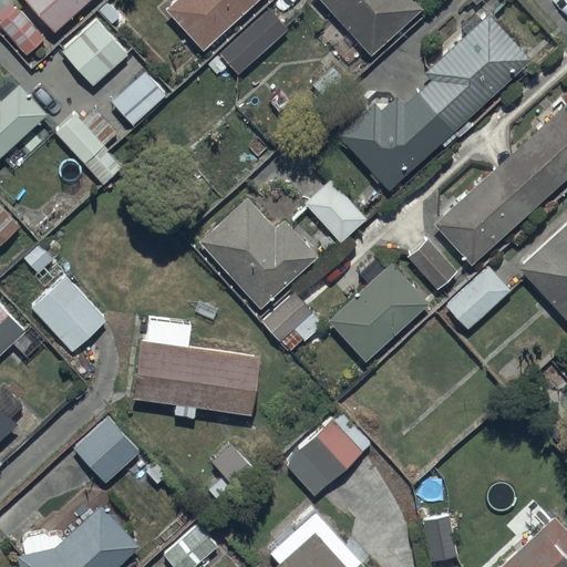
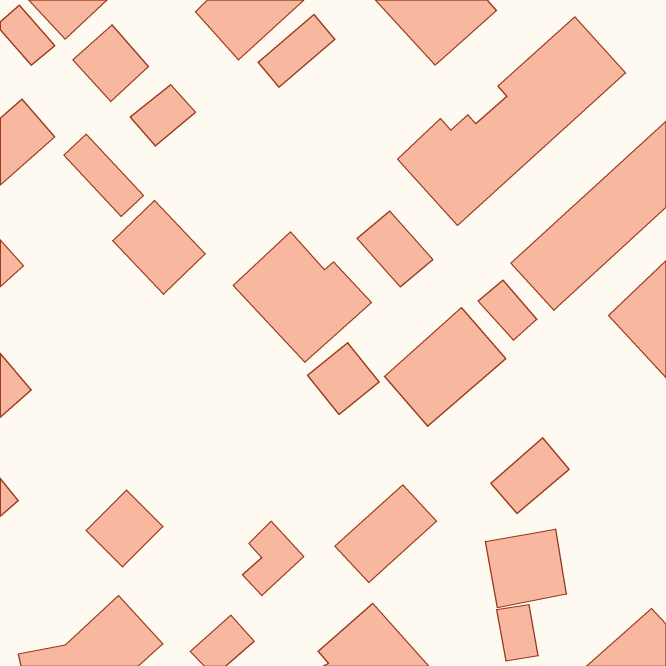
building: [444,266,511,330] -> [491,438,569,513]
building: [29,272,107,352] -> [113,200,205,294]
building: [132,316,259,417] -> none
building: none -> [485,529,566,608]

